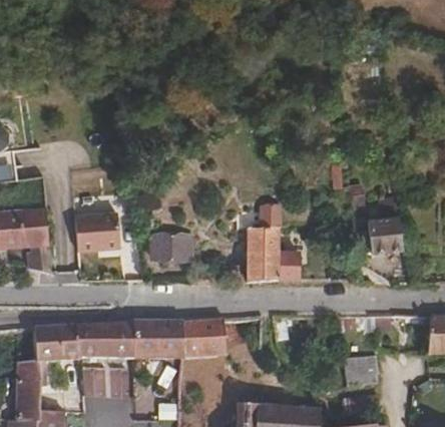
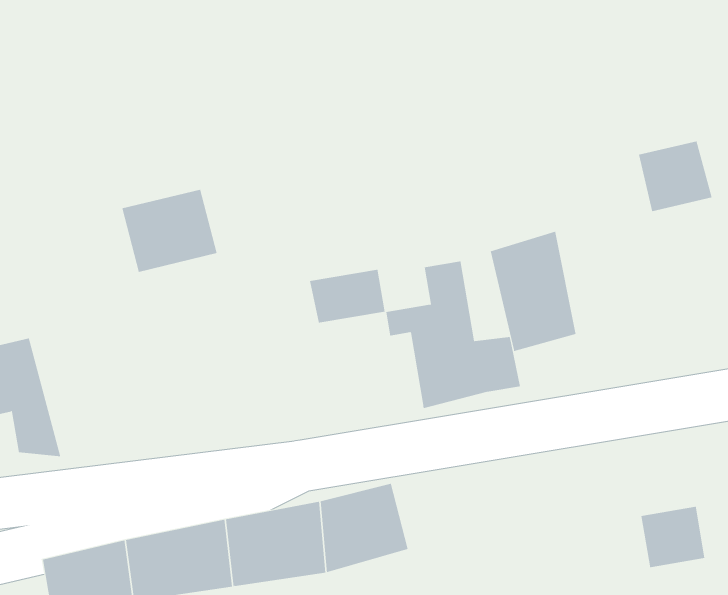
building: none -> [490,231,576,352]
building: [75,211,121,250] -> [122,189,217,272]
building: [368,220,403,253] -> [638,141,713,212]
building: [150,238,187,261] -> [309,269,385,323]

